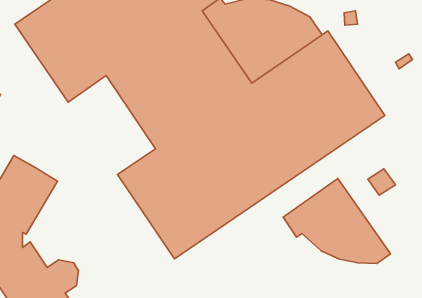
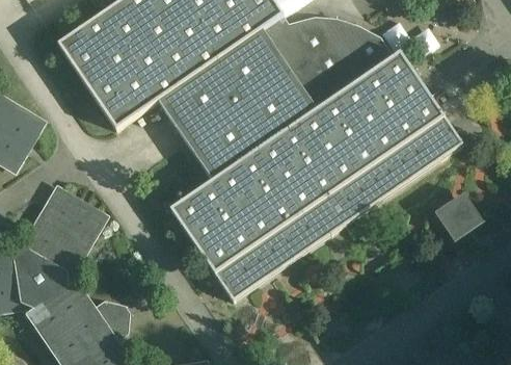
building: [283,179,391,263] -> none

